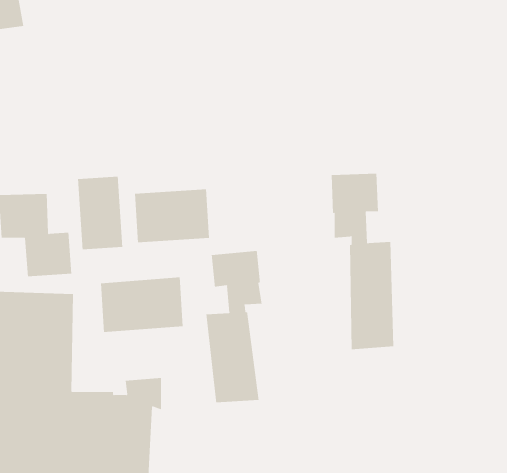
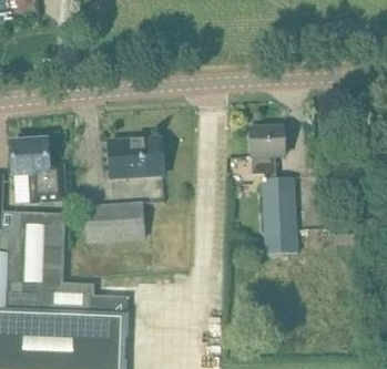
building: [78,176,123,250] -> none
building: [206,250,262,403] -> none

